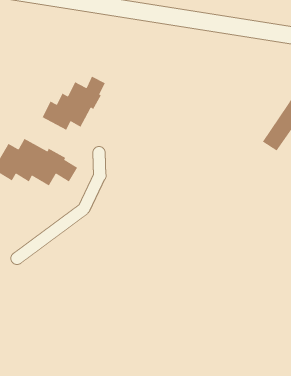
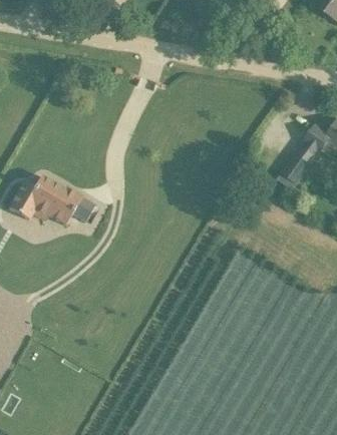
building: [41,76,106,131] -> none

